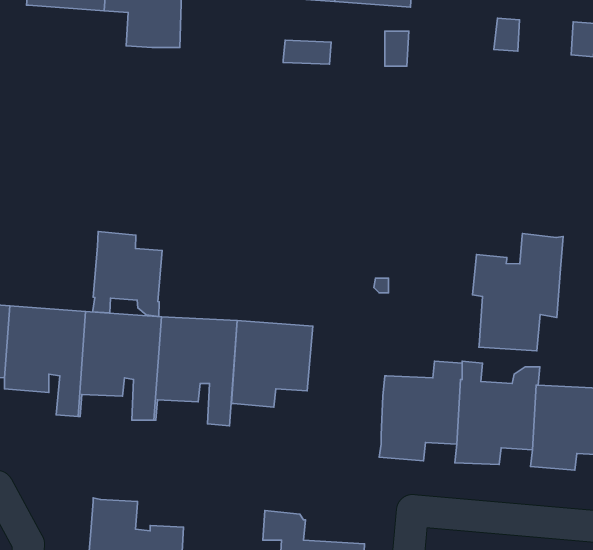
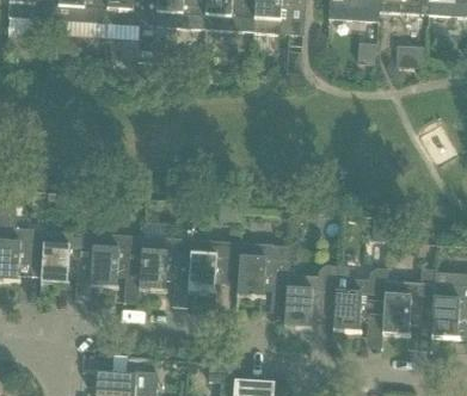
building: [93,231,162,317] -> none
building: [472,234,563,351] -> none
building: none -> [236,241,290,296]

